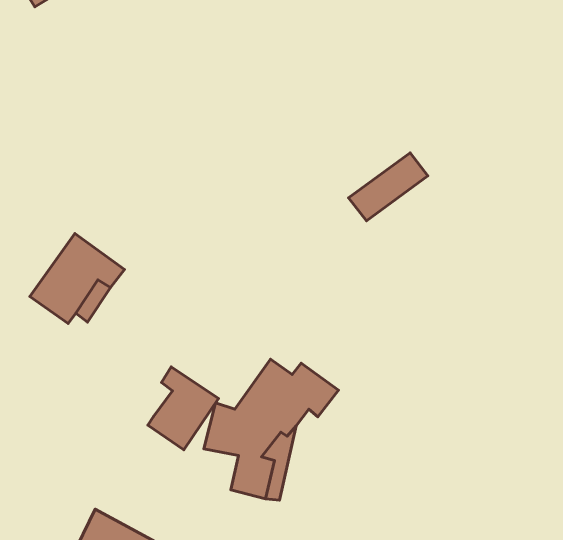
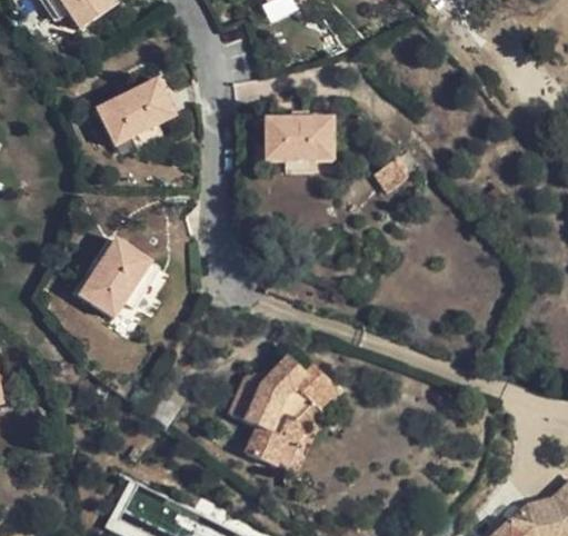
building: none -> [94,78,175,147]
building: none -> [263,116,333,162]
building: [148,367,218,450] -> none

